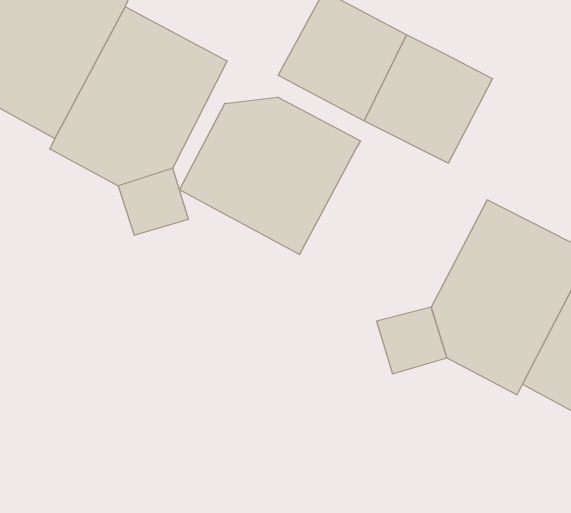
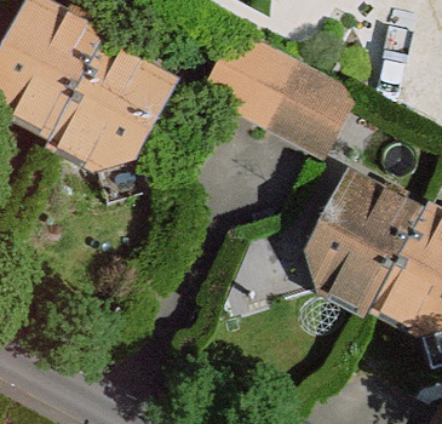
building: [179,97,360,255] -> none

